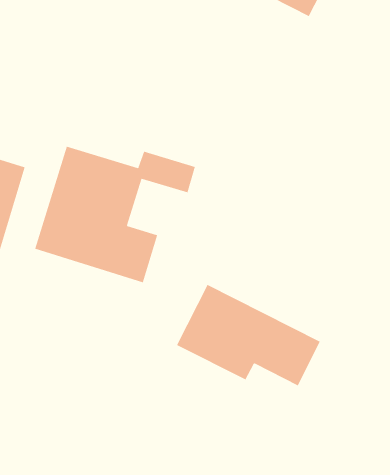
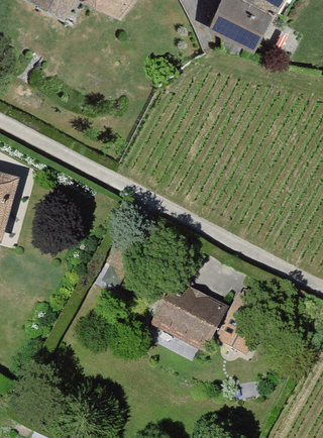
building: [35,146,196,283] -> none

